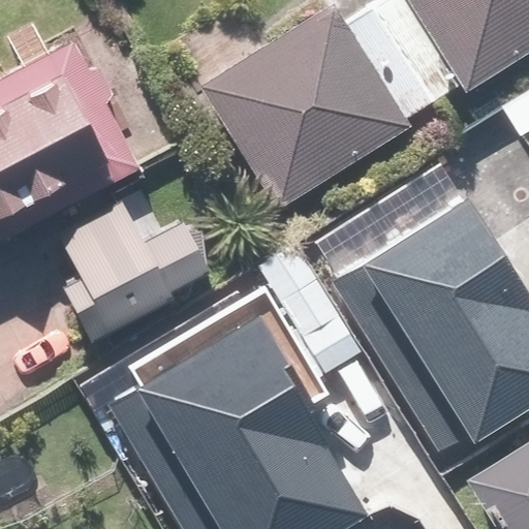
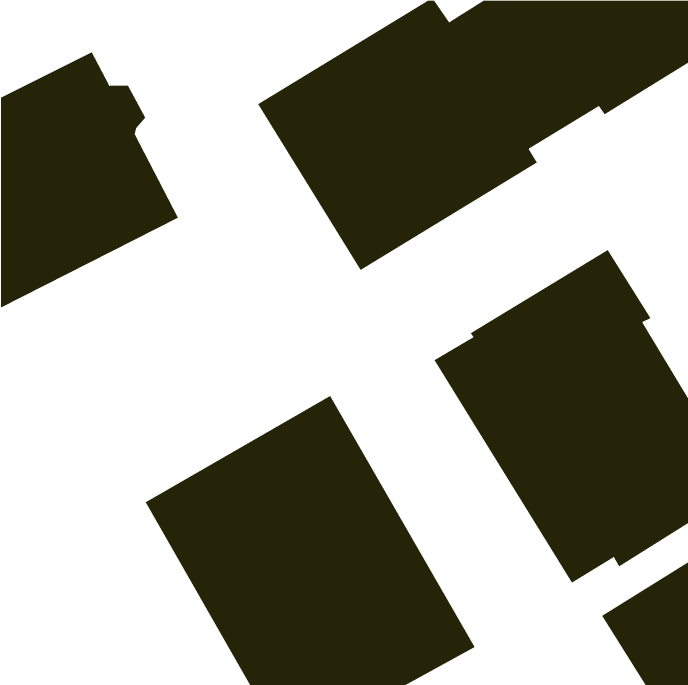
building: [58,196,218,335] -> none

